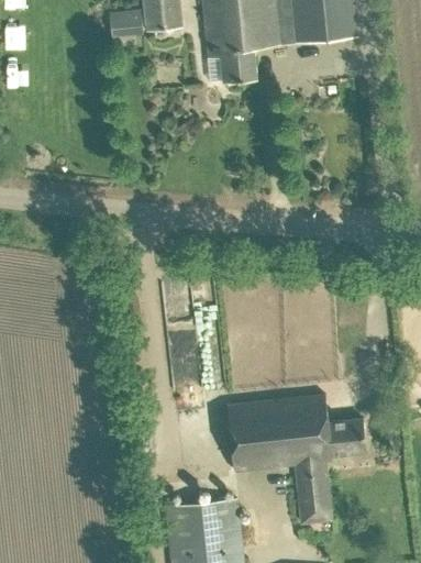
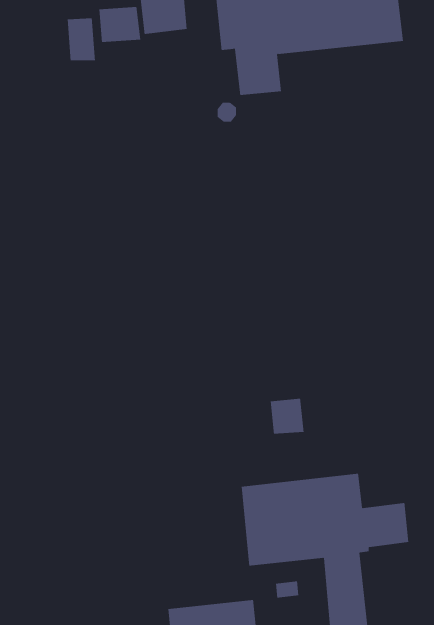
building: none -> [67,17,95,61]
building: none -> [270,398,304,434]

